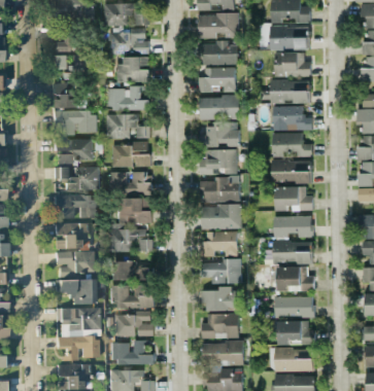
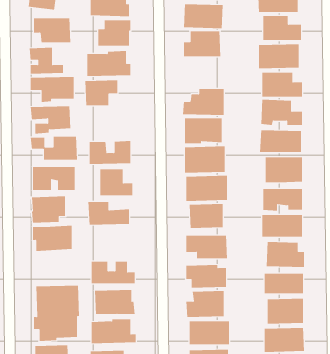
building: [199,96,239,119] -> none
building: [112,143,148,167] -> none
building: [113,261,149,280] -> none
building: [58,280,95,305] -> none

